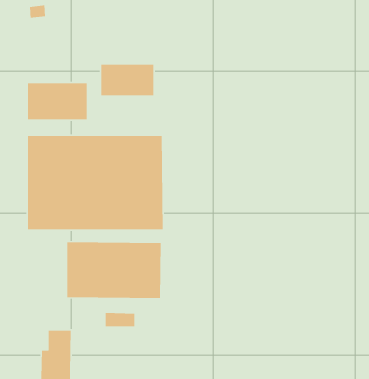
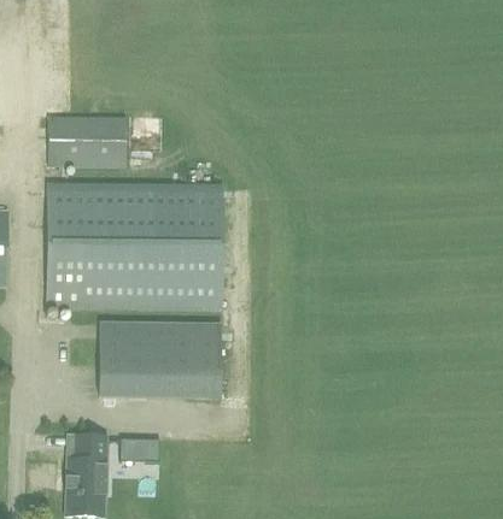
building: [101,64,154,96] -> none
building: [105,312,135,327] -> [123,440,162,459]

